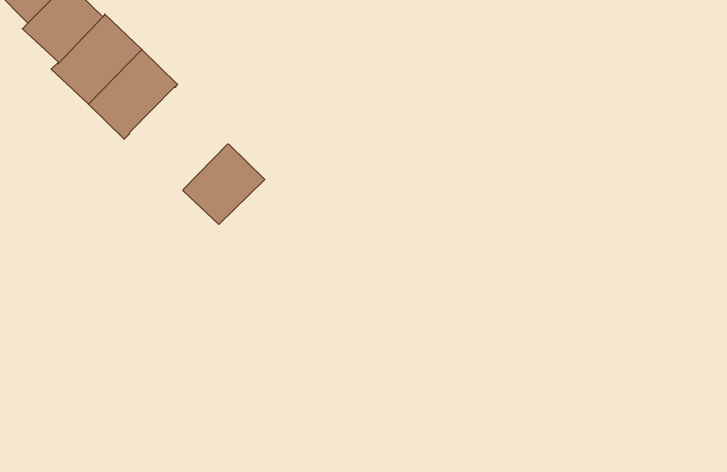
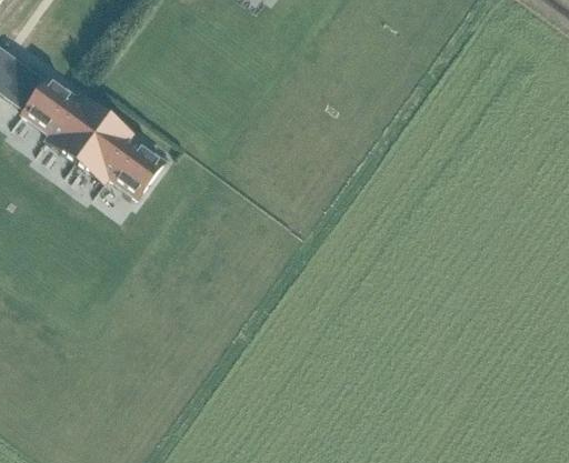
building: [183,144,265,224] -> [106,138,162,195]

